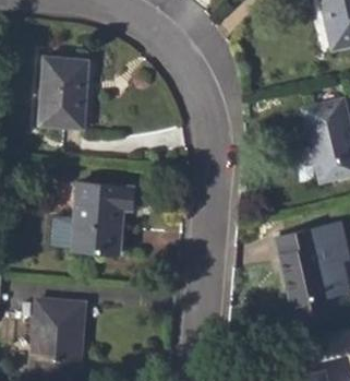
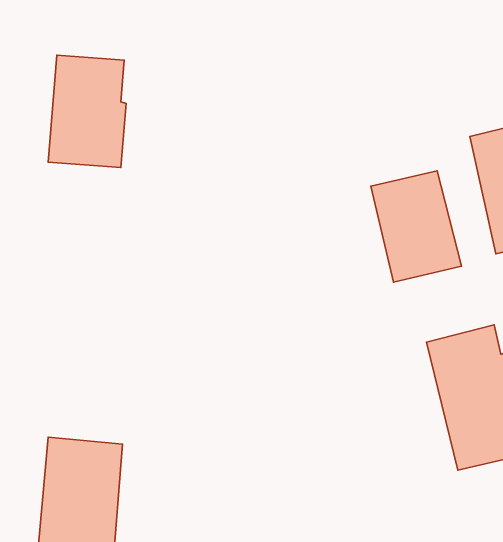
building: none -> [371,171,462,282]
building: [72,181,135,253] -> none

